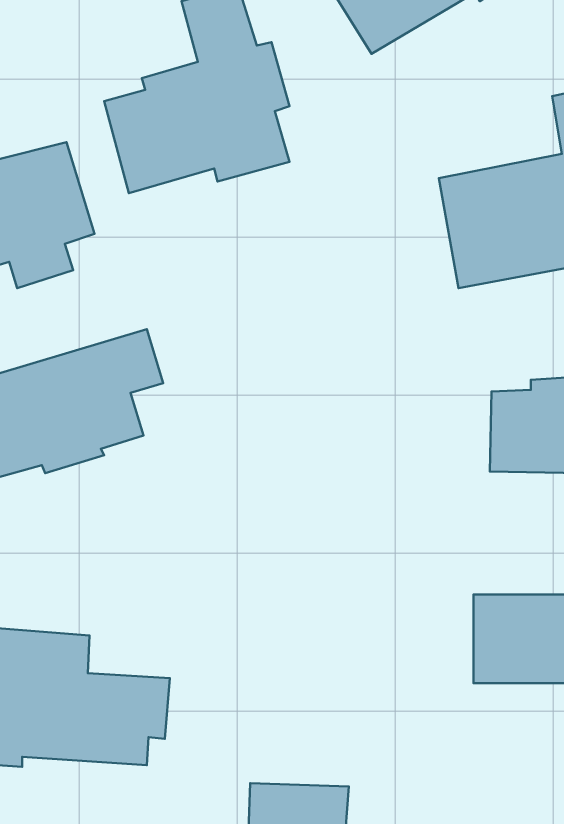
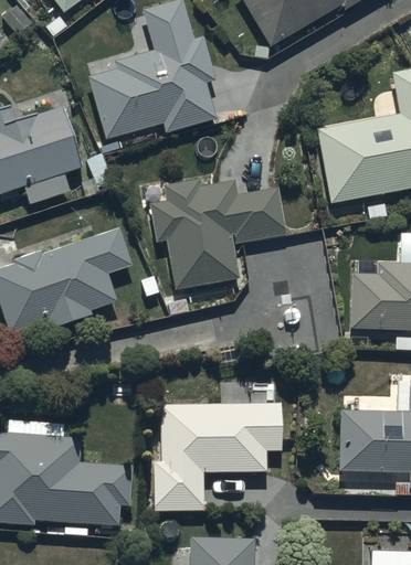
building: none -> [151,180,285,288]
building: none -> [152,404,282,509]

